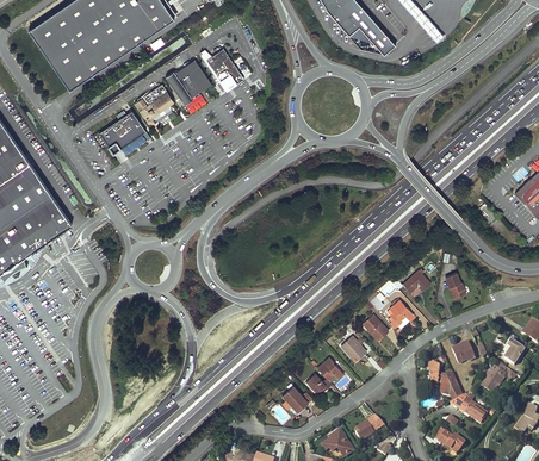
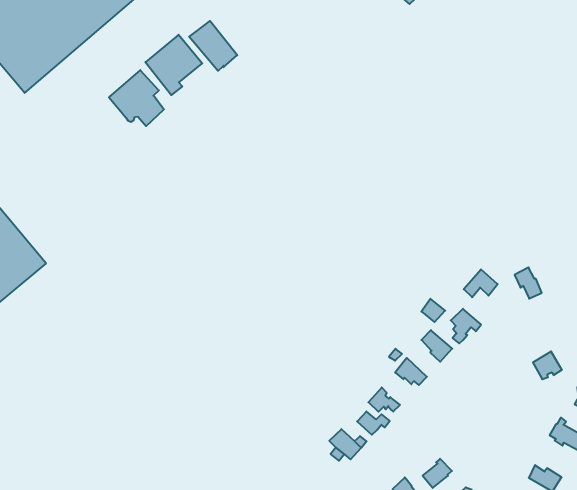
building: [99,110,147,154] -> none
building: [428,368,463,401] -> none

